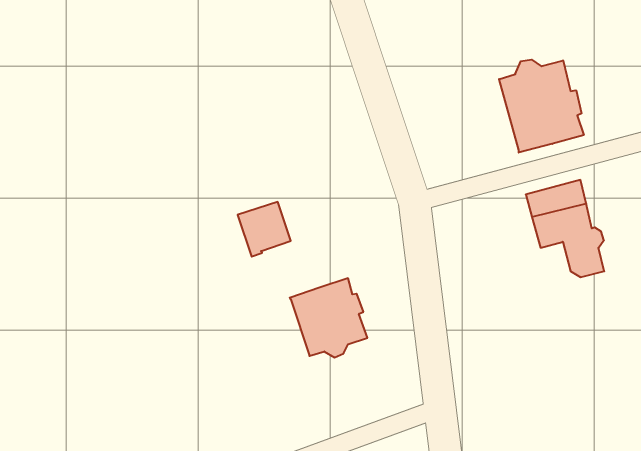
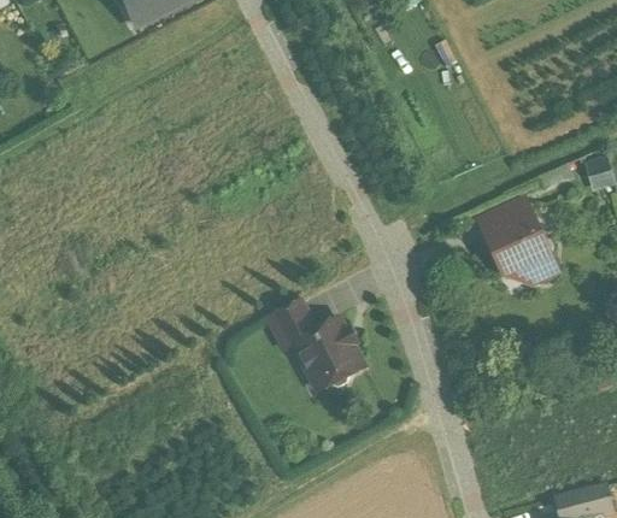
building: [499,60,584,153] -> none
building: [238,202,291,257] -> [266,298,316,348]

